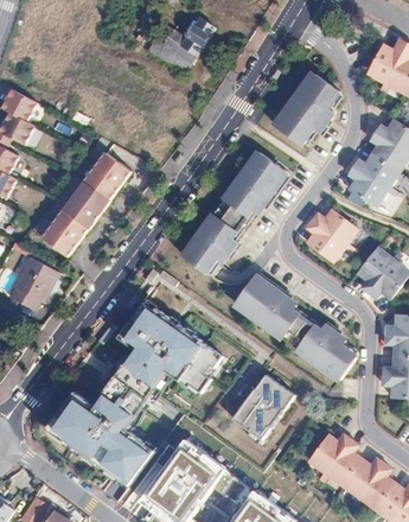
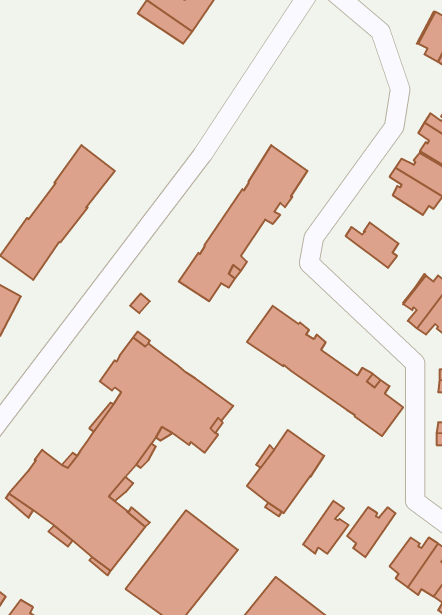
building: [275,76,338,146] -> none
building: [306,222,345,260] -> none
building: [327,439,363,480] -> [303,501,349,554]

